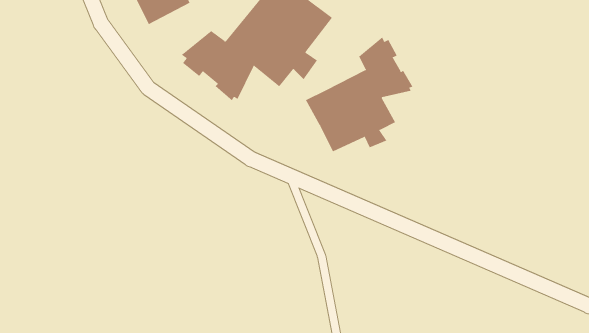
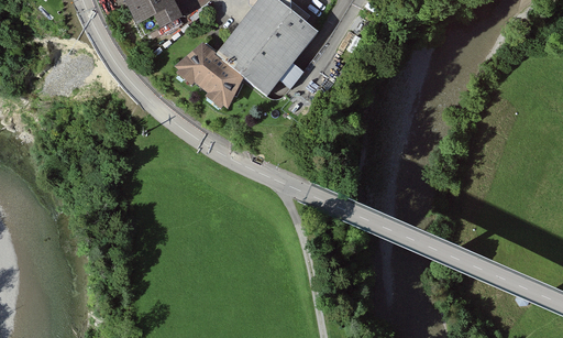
building: [305,37,413,152] -> none

